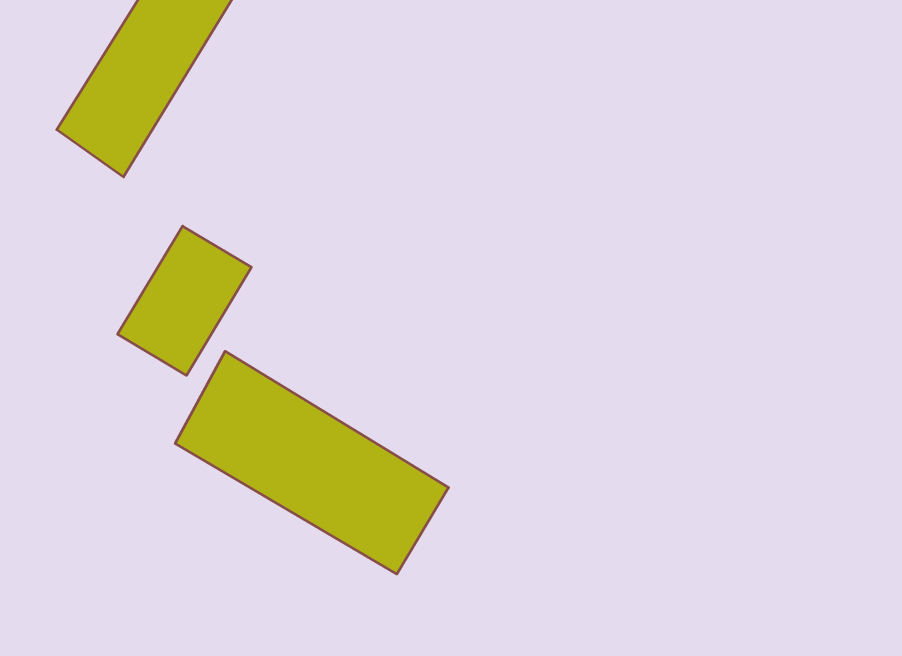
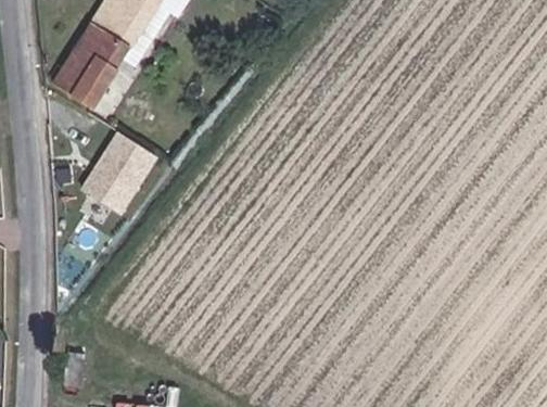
building: [175,351,449,574] -> none

